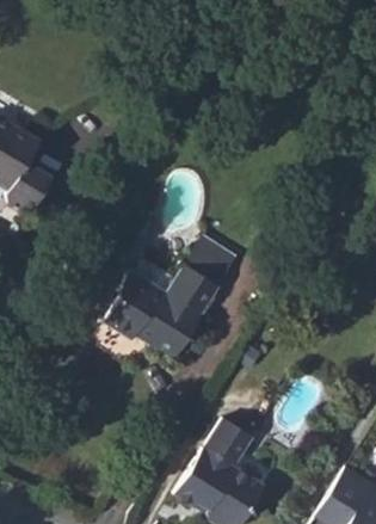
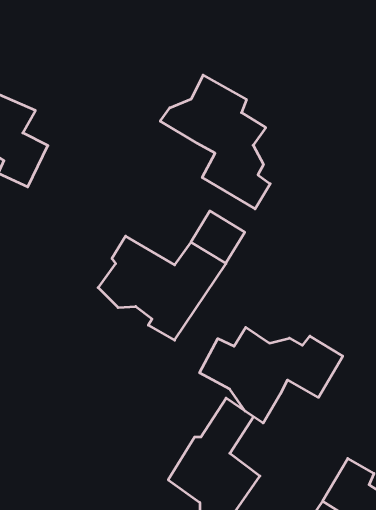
building: none -> [160,75,270,209]
building: none -> [200,327,343,423]

